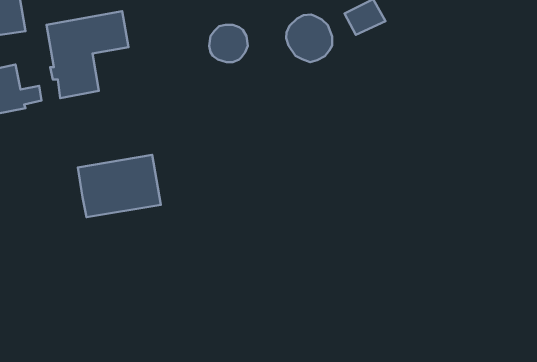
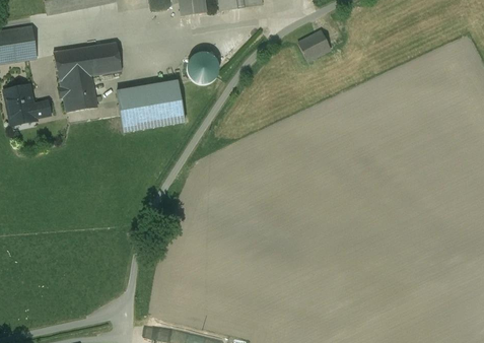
building: [286,15,332,62] -> none
building: [78,155,161,217] -> [116,81,184,132]

